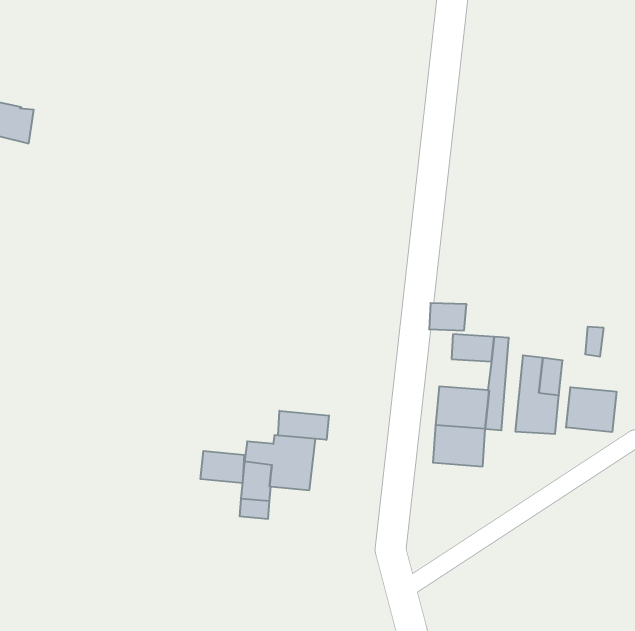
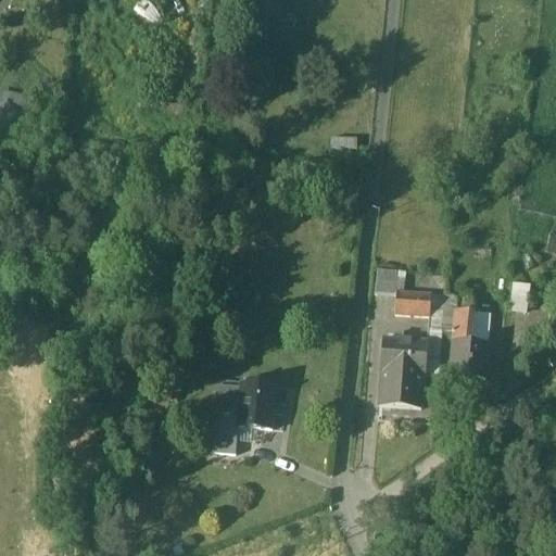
building: [566,387,616,432] -> none
building: [278,411,329,440] -> none
building: [200,451,244,483] -> none

